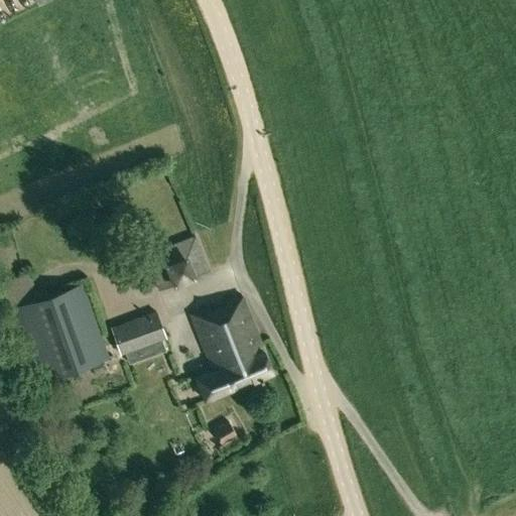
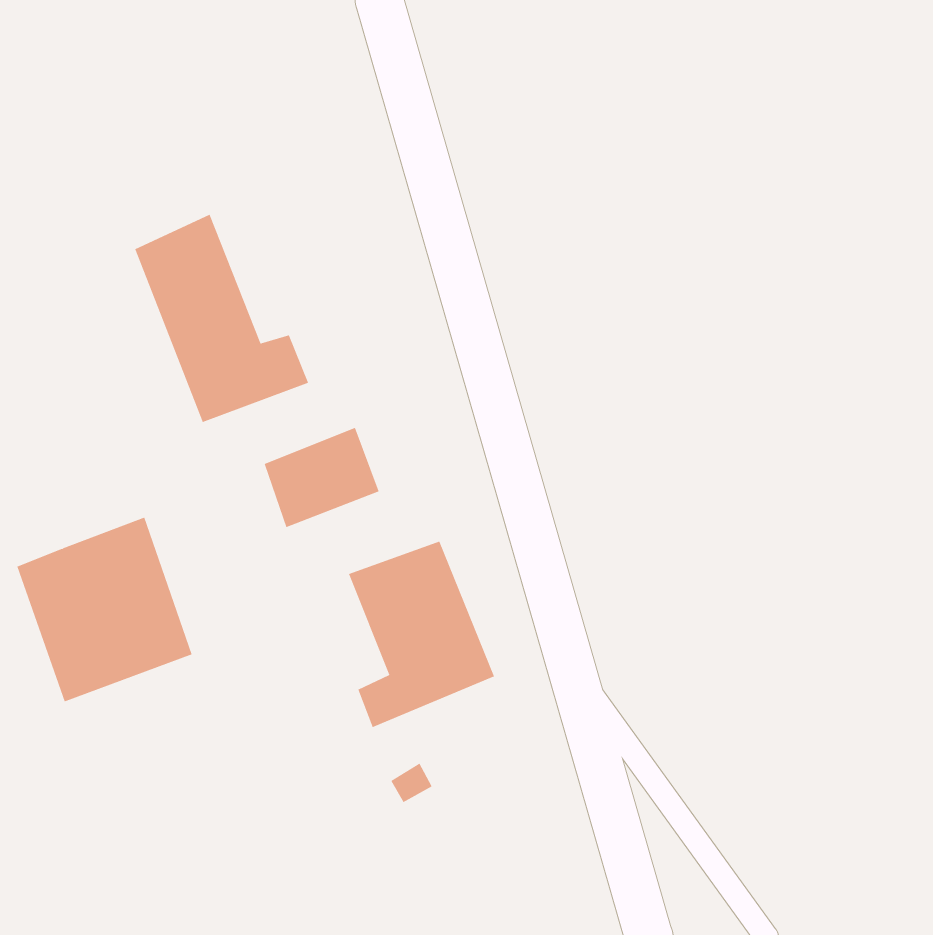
building: none -> [134,214,309,423]
building: [113,312,168,356] -> none

